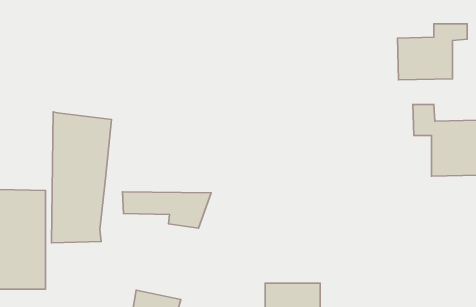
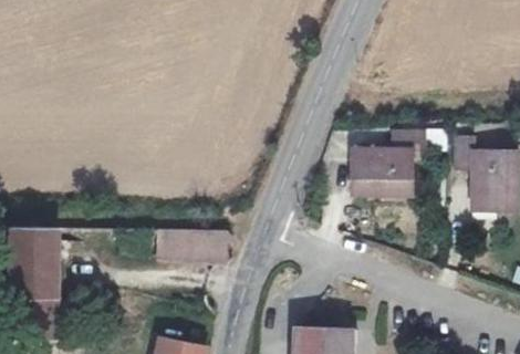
building: [397,24,467,80] -> [352,137,426,197]
building: [52,112,112,243] -> none

